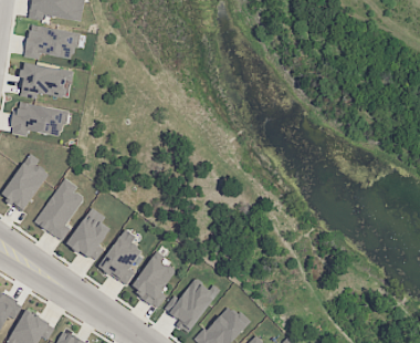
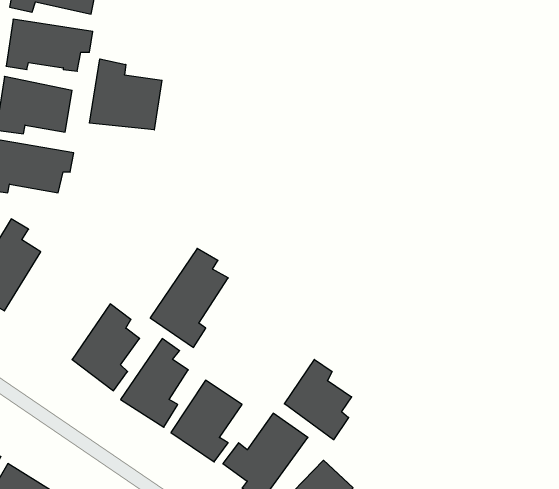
building: none -> [90,59,162,130]
building: [34,178,84,241] -> [150,248,228,347]
building: none -> [284,359,352,440]

